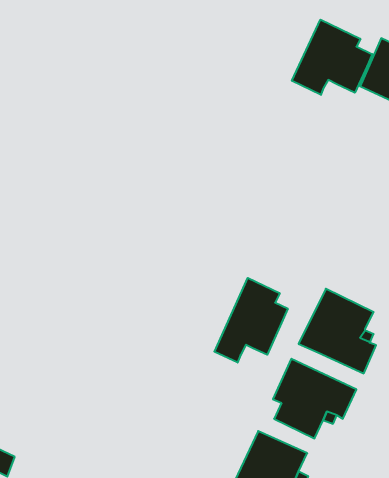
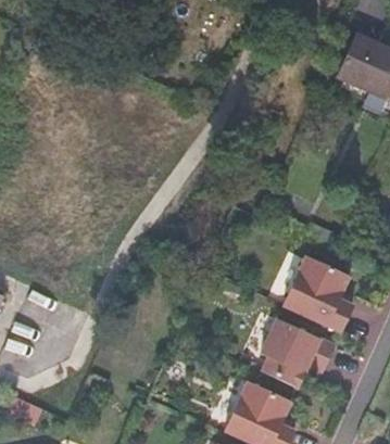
building: [292,20,372,95] -> none
building: [214,278,288,363] -> none

